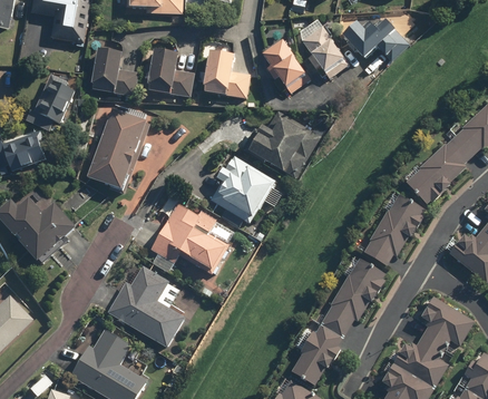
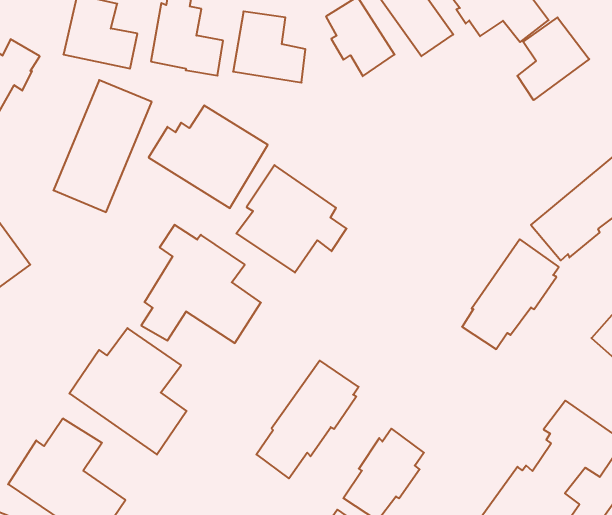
building: none -> [517,17,589,100]
building: [243,111,321,178] -> [149,105,268,208]
building: [321,257,385,337] -> [256,361,359,478]

